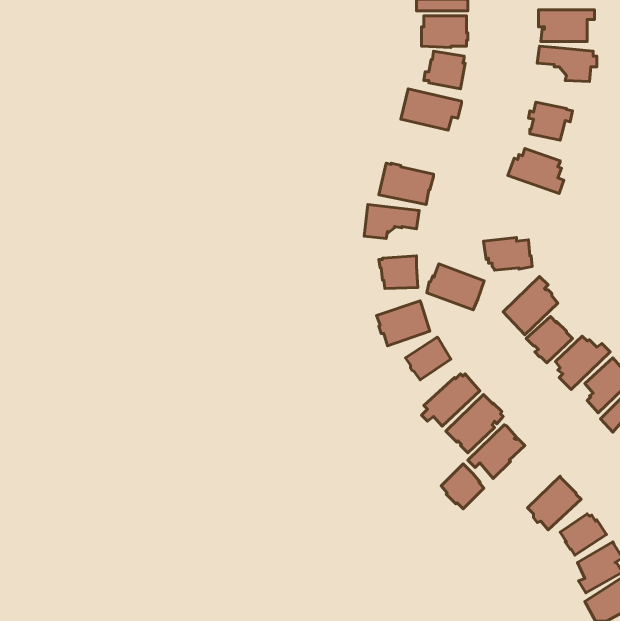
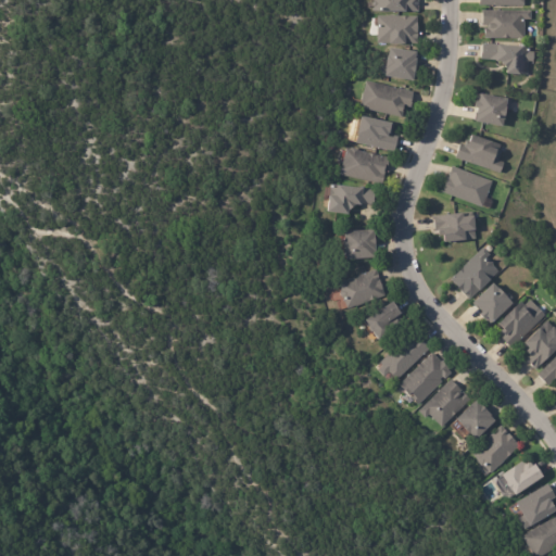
building: none -> [356,114,399,151]
building: [427,264,484,310] -> [442,165,493,206]
building: [441,464,484,509] -> [456,399,494,439]

